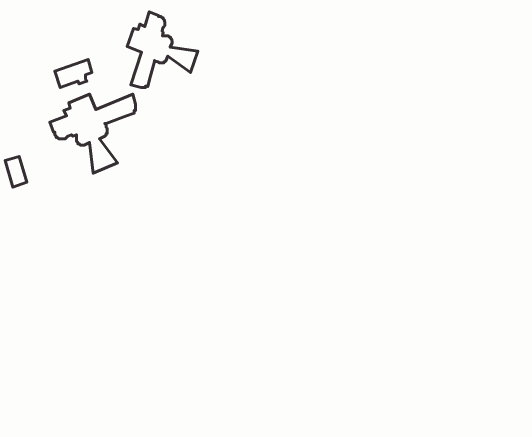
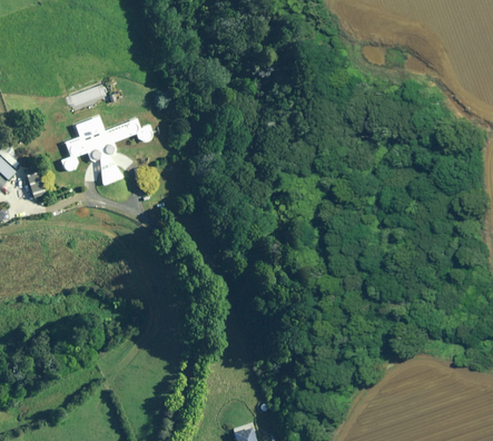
building: [127,12,198,87] -> none

